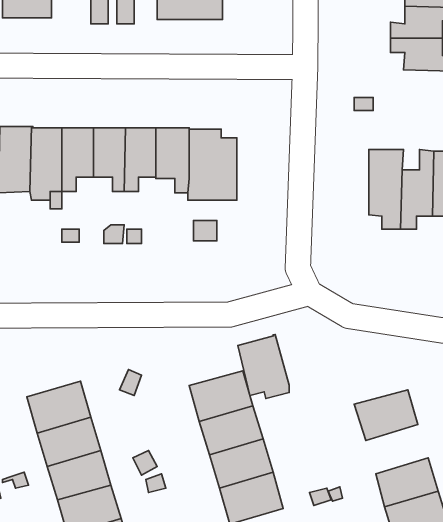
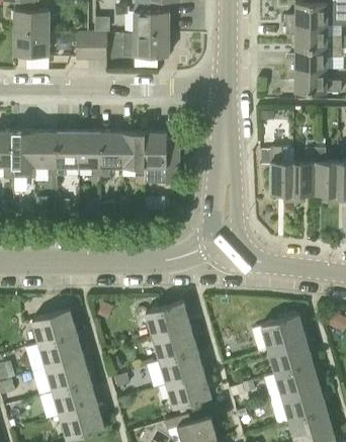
building: [238,334,289,399] -> none
building: none -> [268,339,312,373]

